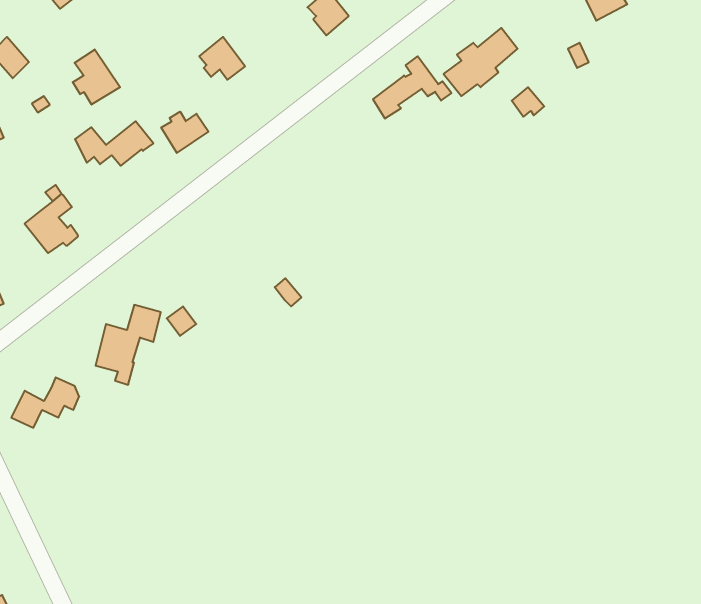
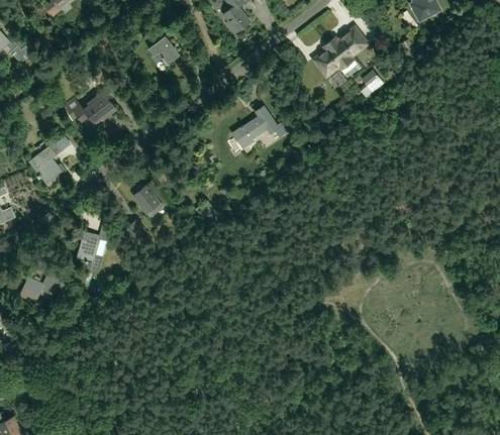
building: [73,49,120,105] -> none
building: [373,56,451,118] -> [232,106,286,148]
building: [161,112,208,153] -> none
building: none -> [131,185,163,217]

